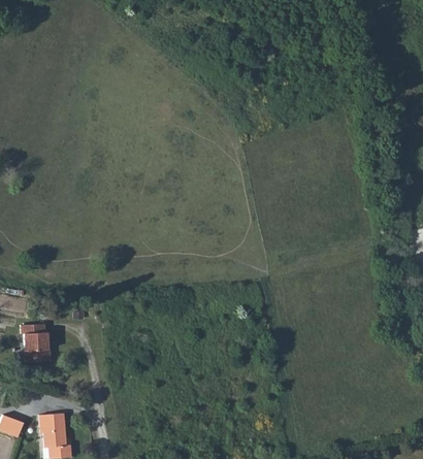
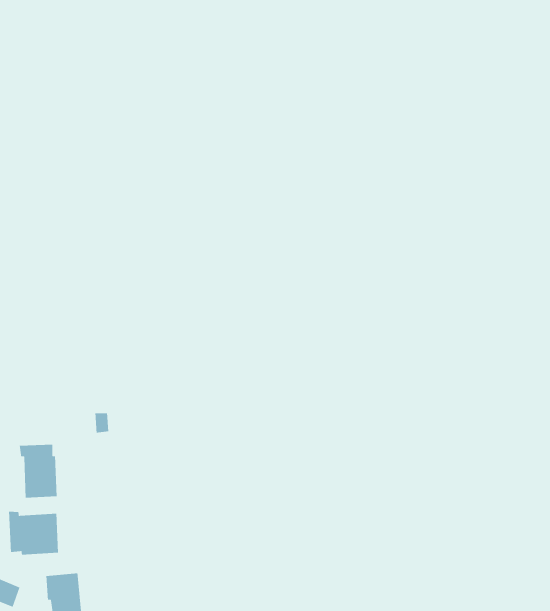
building: none -> [8,511,59,555]

